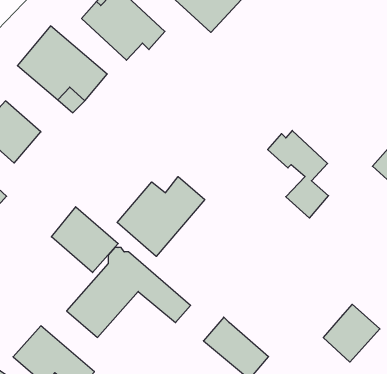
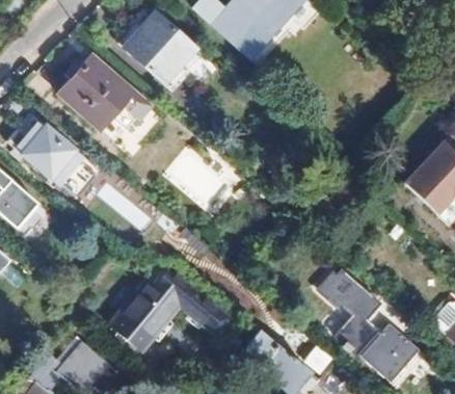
building: [268,130,329,218] -> [316,267,375,352]
building: [117,177,205,256] -> none
building: [51,207,118,273] -> none

